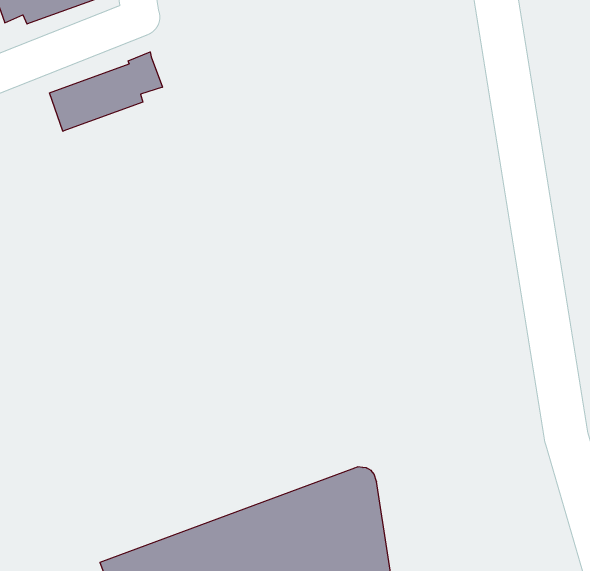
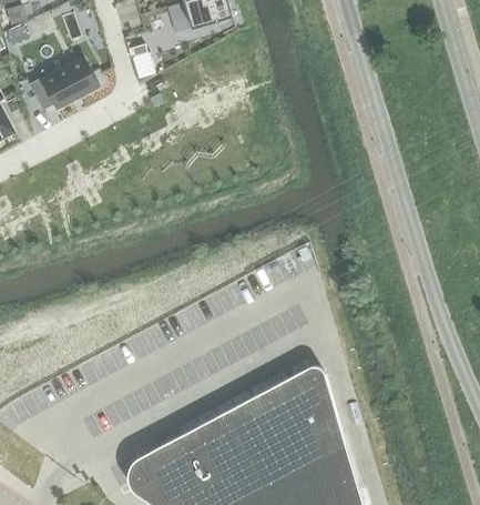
building: [50,52,162,131] -> none

